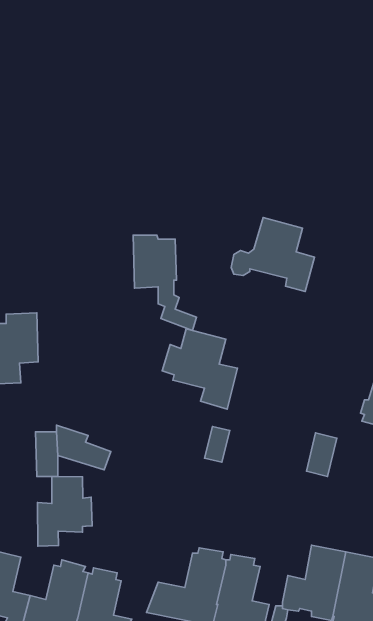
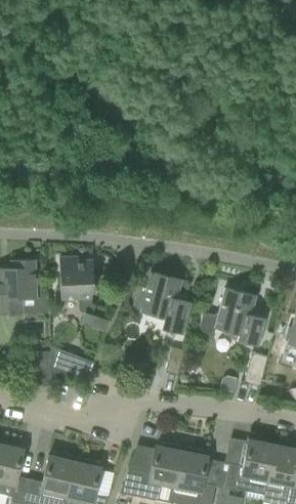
building: [231,217,315,291] -> [201,288,265,345]
building: [133,235,196,330] -> [59,257,109,331]
building: [38,477,92,546] -> none

